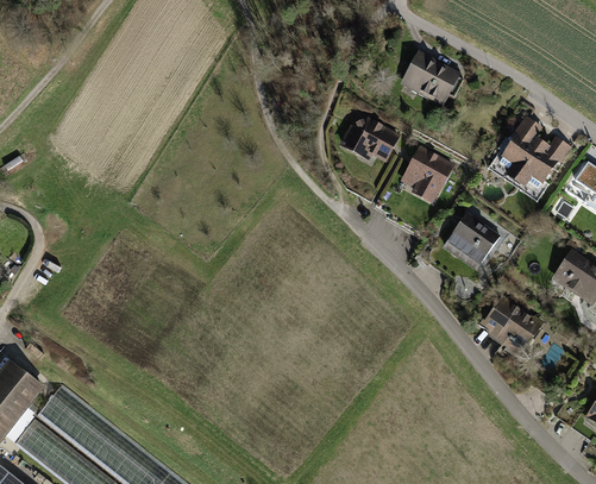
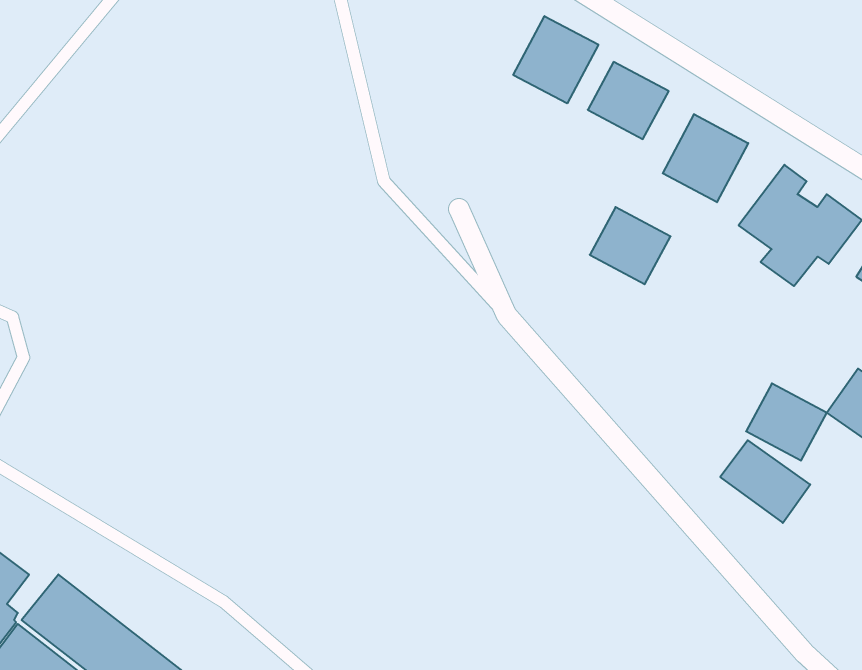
building: none -> [513,16,598,103]
building: none -> [663,114,748,202]
building: [349,115,401,165] -> none
building: [445,213,497,263] -> [746,383,827,461]

